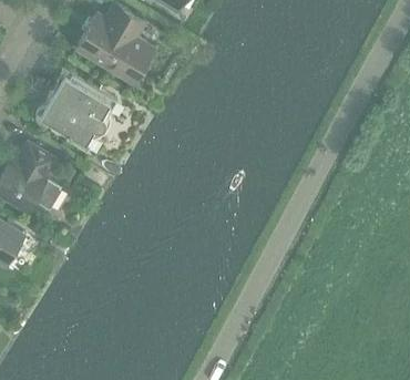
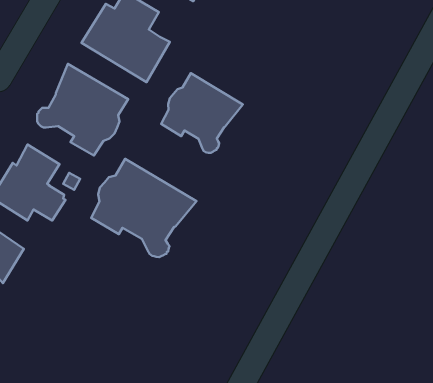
building: none -> [161,73,243,153]
building: none -> [91,159,197,257]

